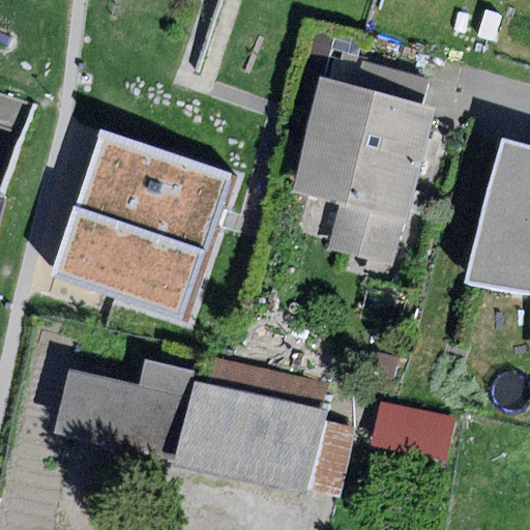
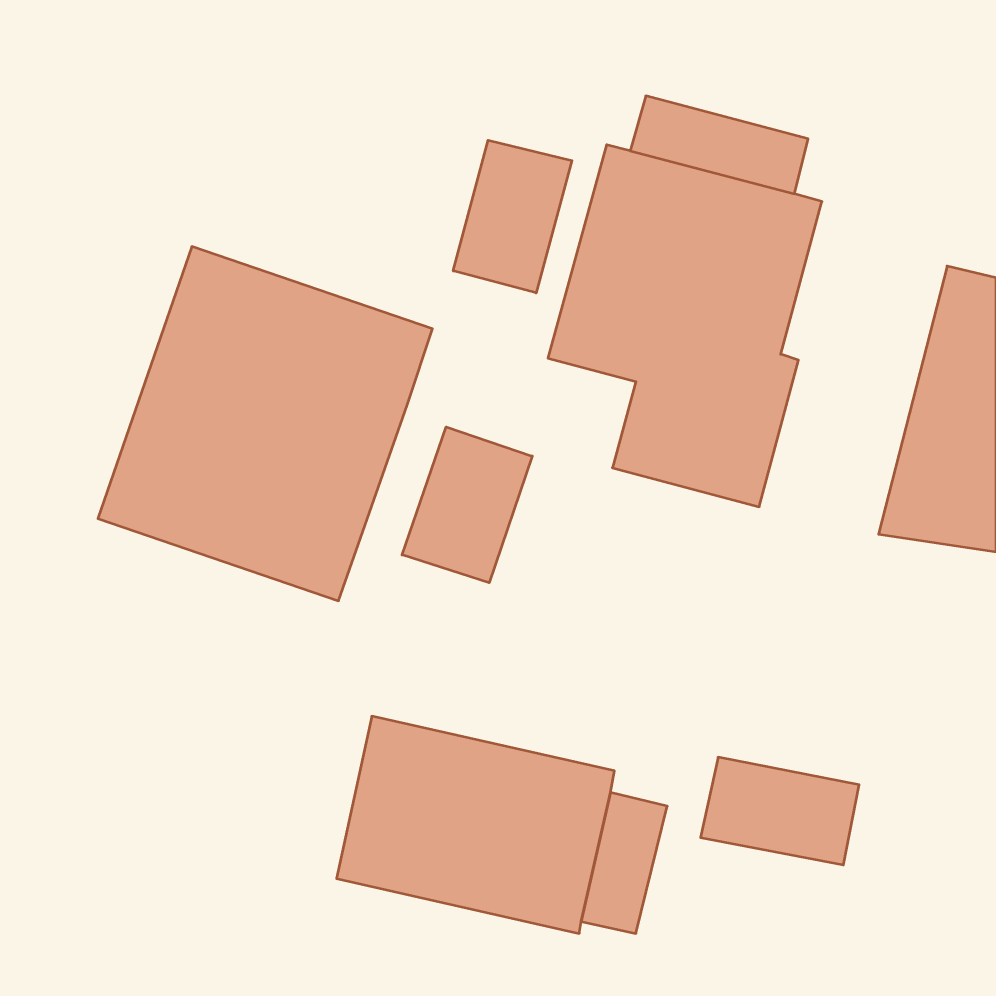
building: none -> [453,140,572,293]
building: none -> [402,427,532,583]
building: [59,360,188,458] -> none

